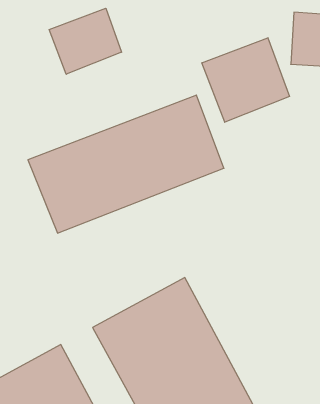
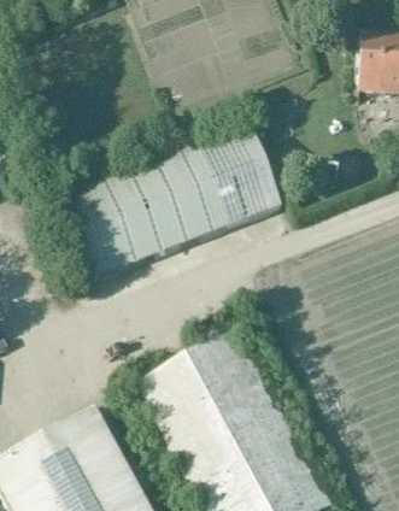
building: [49,8,122,74] -> none
building: [202,38,289,122] -> none

